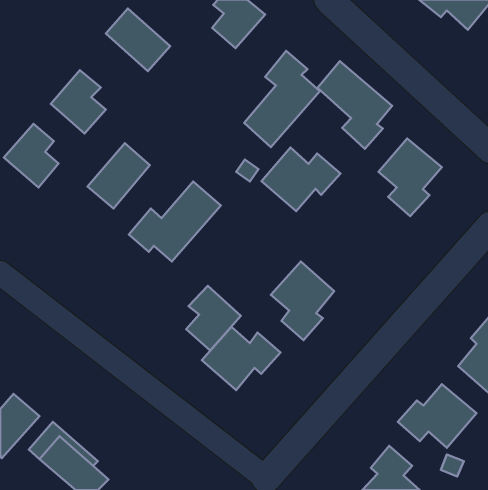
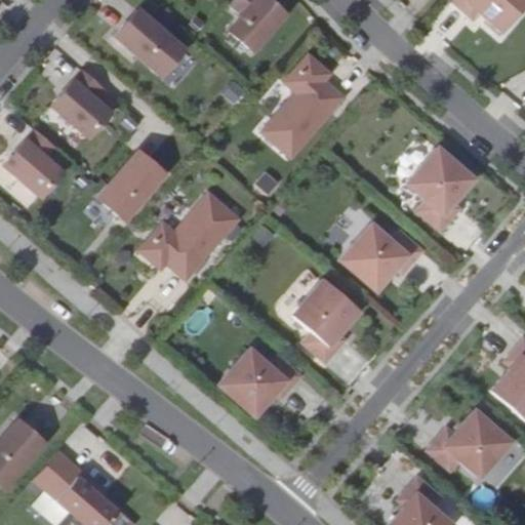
building: [317,61,392,149] -> none
building: [262,148,340,211] -> [340,224,425,291]
building: [186,286,241,351] -> none

